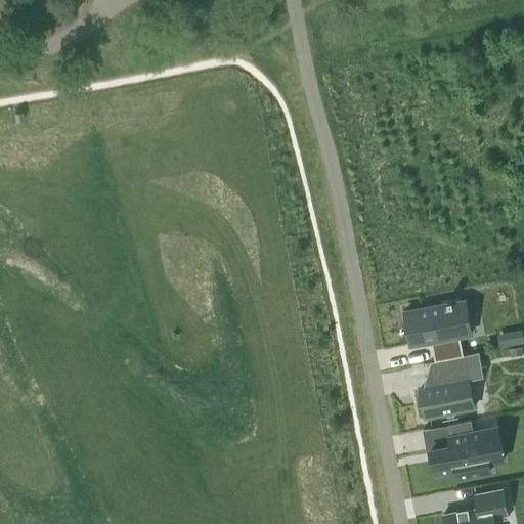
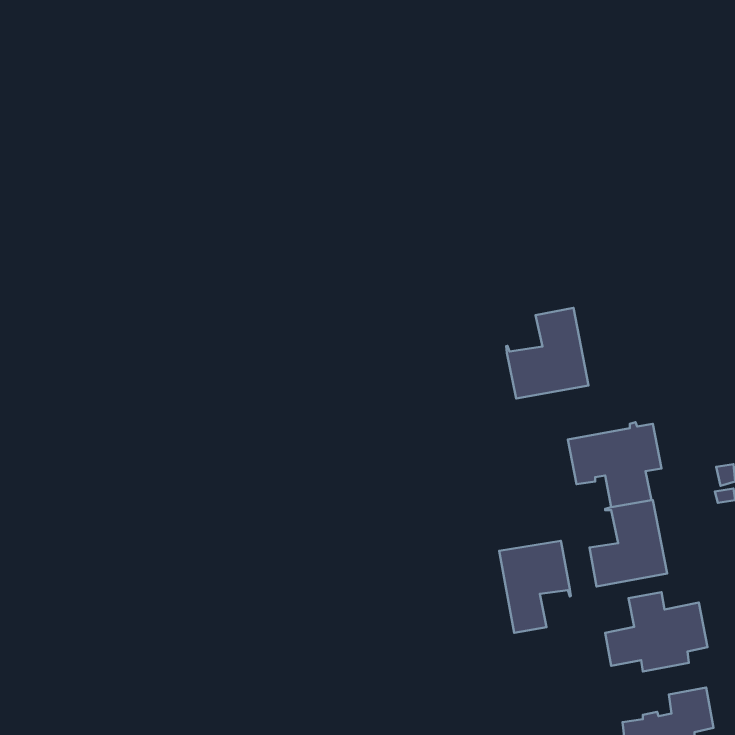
building: none -> [506,308,589,398]
building: none -> [499,541,571,633]

